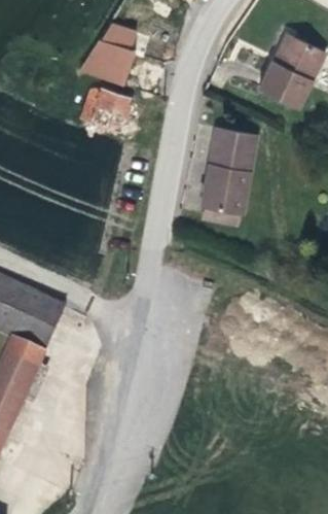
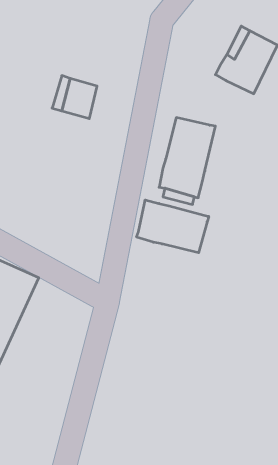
building: [85,20,139,83] -> none
building: none -> [137,200,209,253]

